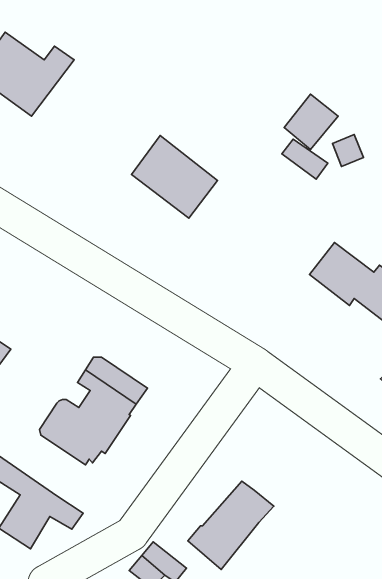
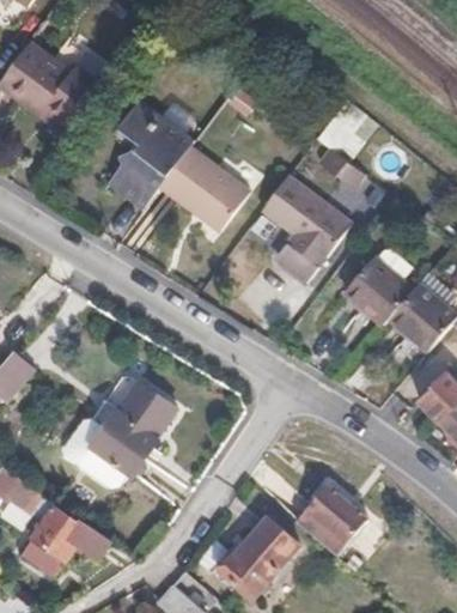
building: none -> [109,99,195,205]
building: none -> [258,177,349,269]
building: none -> [288,479,361,551]

